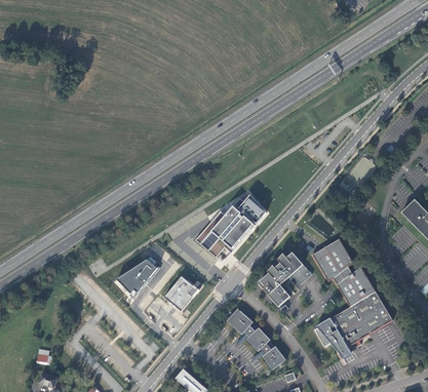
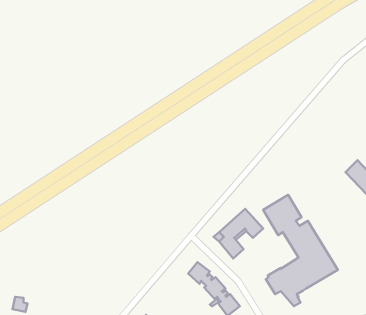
building: [194,196,264,258] -> none
building: [113,259,159,301] -> none
building: [162,276,202,312] -> none

